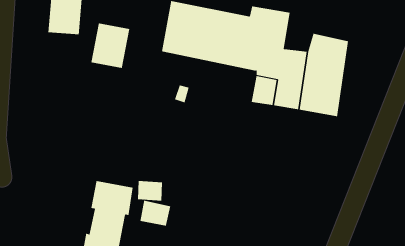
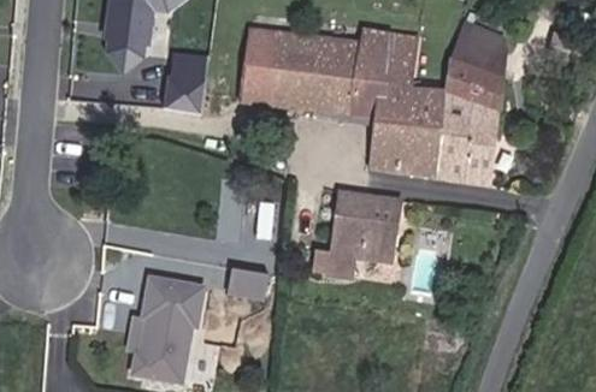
building: none -> [454,35,511,81]
building: none -> [321,189,401,286]
building: [140,200,171,227] -> none

